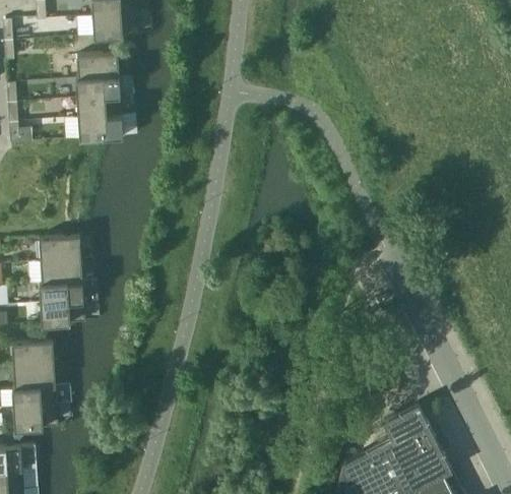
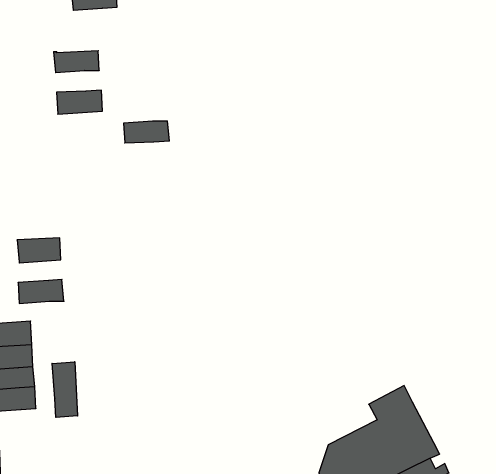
building: [77,54,120,79] -> none
building: [78,97,123,118] -> [124,121,169,143]
building: [40,237,82,262] -> none
building: [40,282,84,304] -> none
building: none -> [52,362,78,417]

